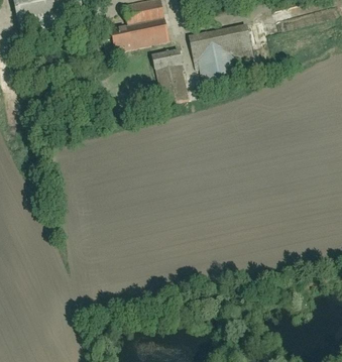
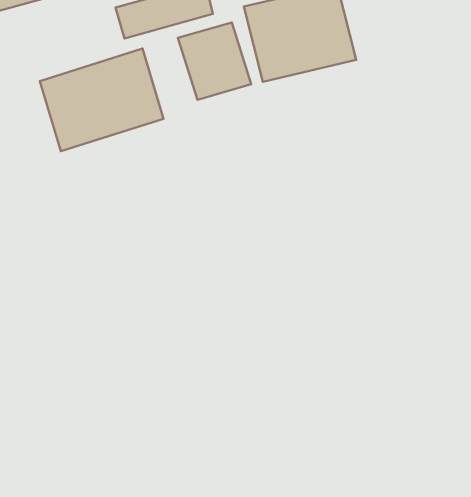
building: none -> [40,49,163,151]

